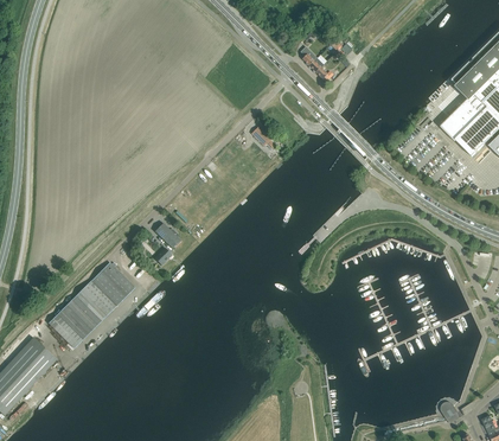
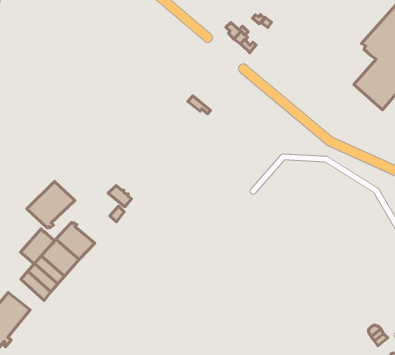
building: none -> [27,181,75,228]
building: none -> [21,229,55,264]

